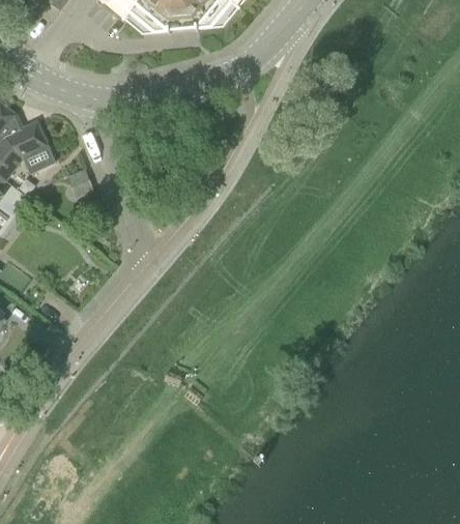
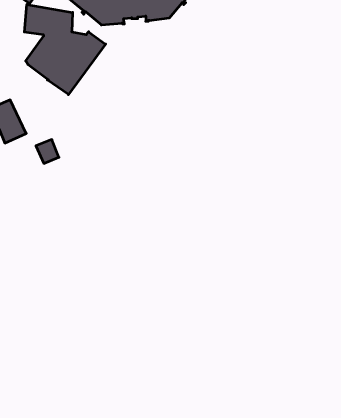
building: none -> [24,4,106,95]

